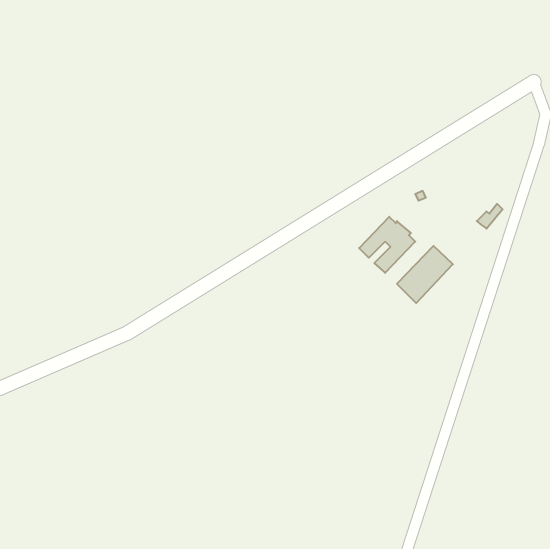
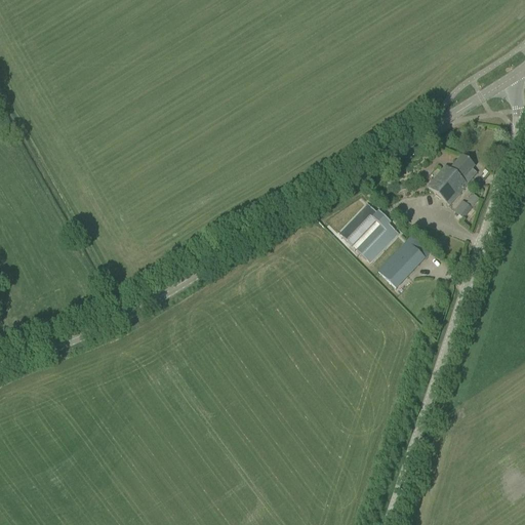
building: none -> [428,155,475,205]

